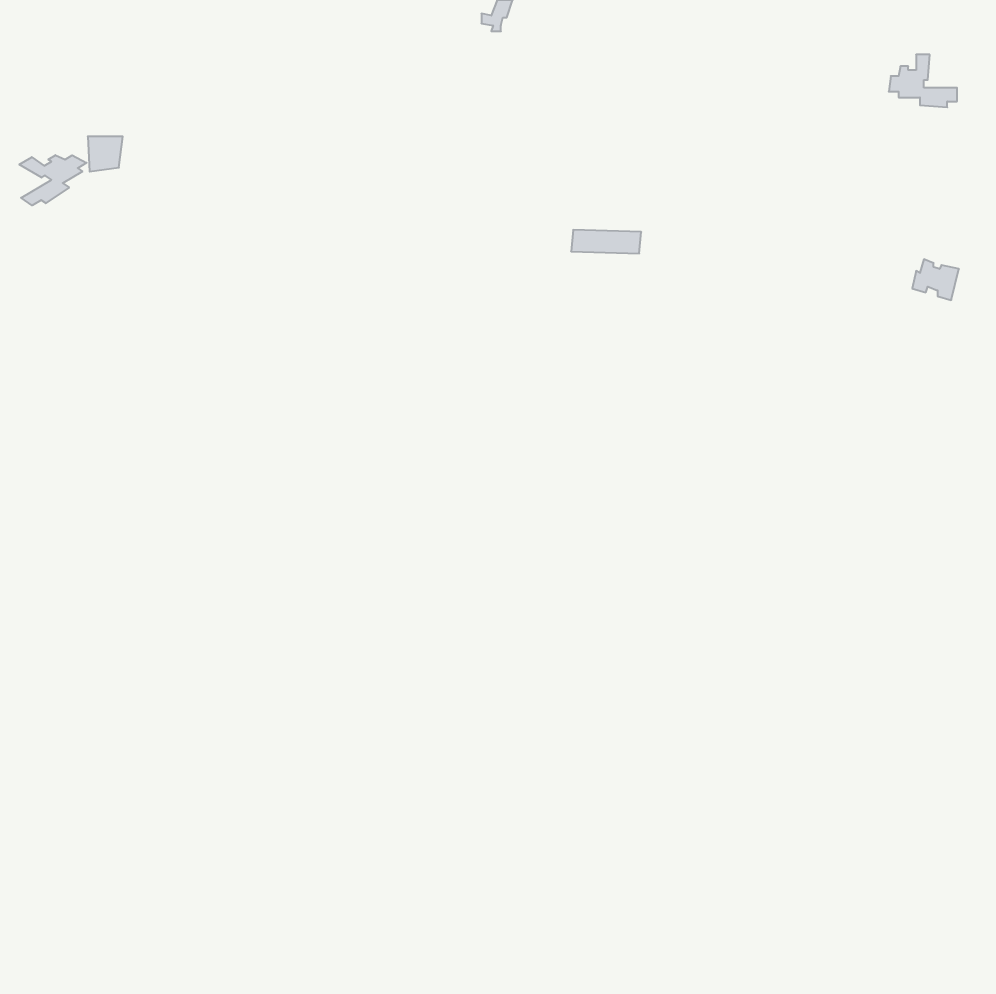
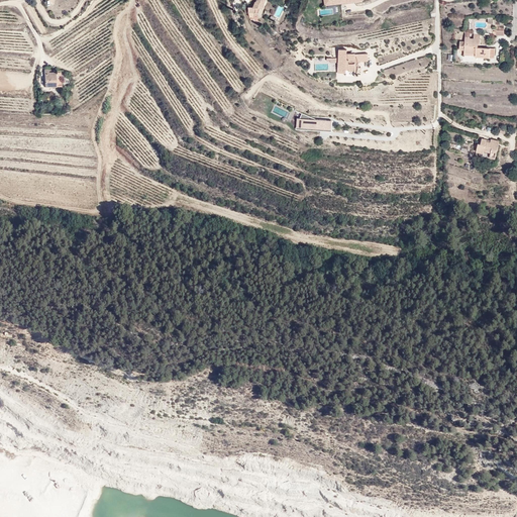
building: none -> [336,49,367,77]
building: [19,155,87,205] -> none

